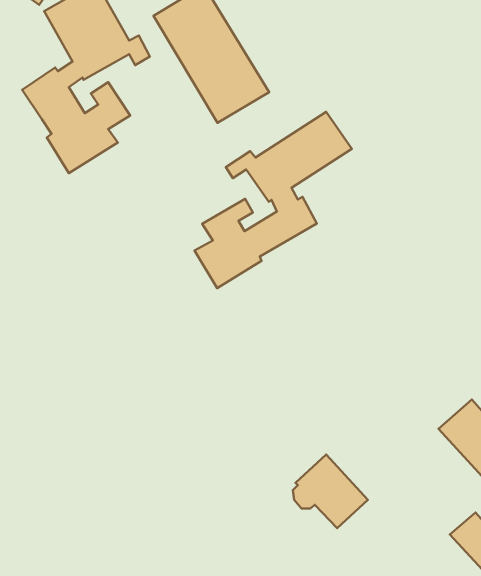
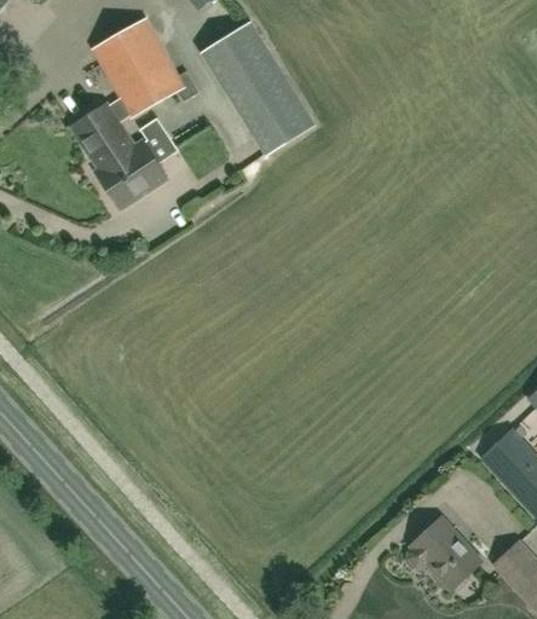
building: [195,112,352,288] -> none
building: [293,454,368,528] -> [408,515,481,588]

